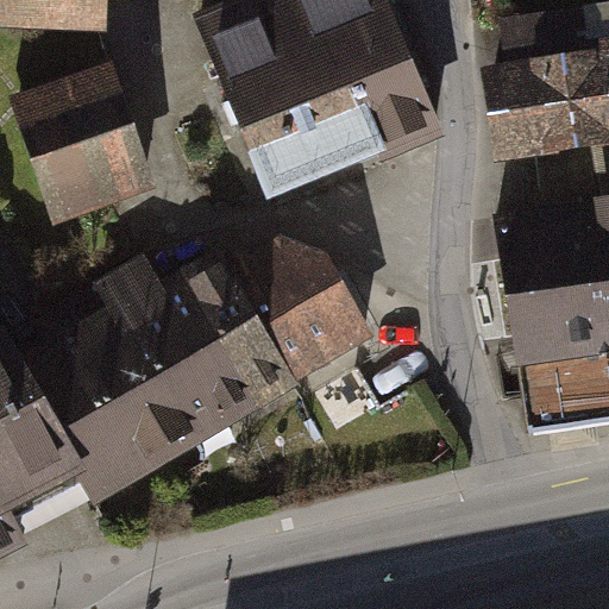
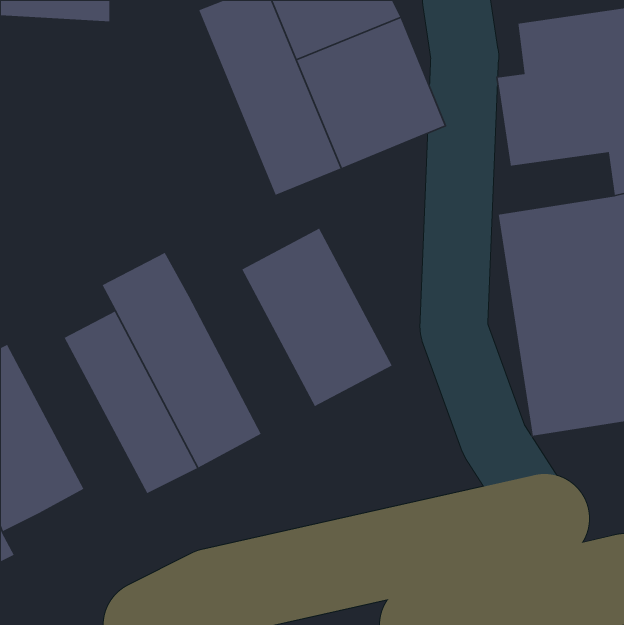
building: [11,59,157,224] -> none
building: [186,262,307,422] -> none
building: [18,328,144,506] -> none

